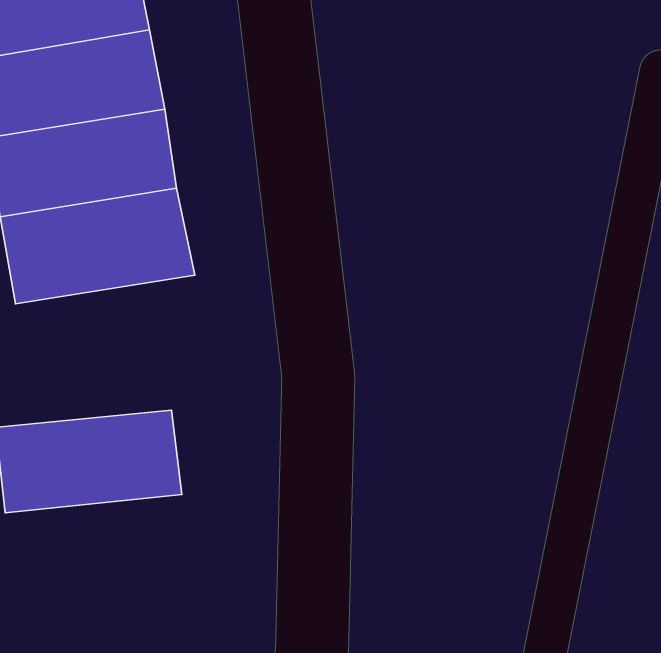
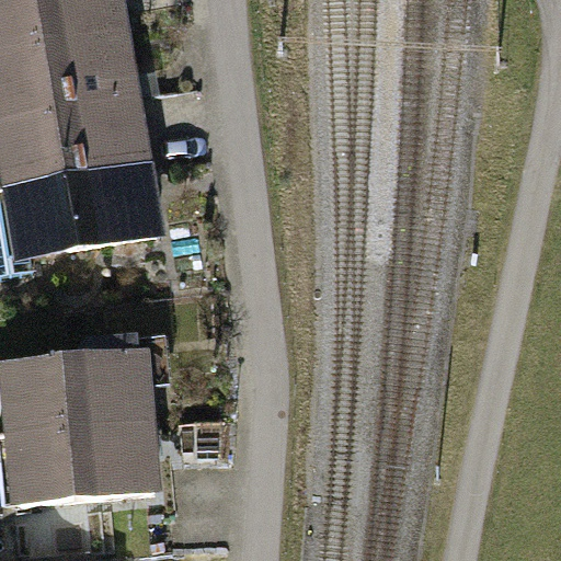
building: none -> [4,417,161,504]

